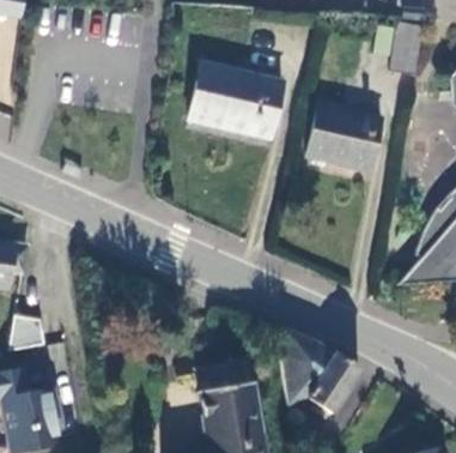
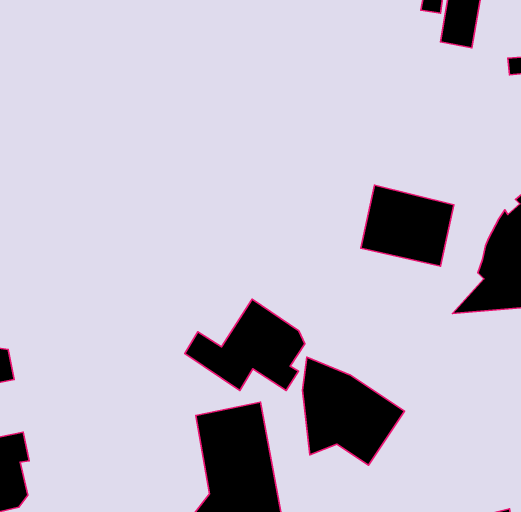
building: [189,65,282,139] -> none
building: [309,105,383,170] -> [361,185,454,266]
building: none -> [185,299,305,390]

